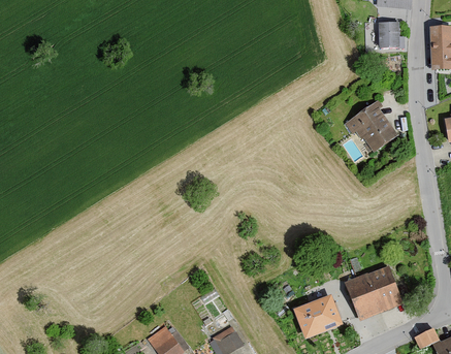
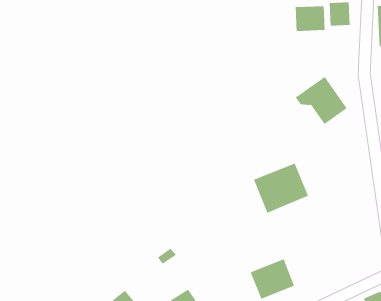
building: none -> [295,5,325,32]
building: [345,266,404,320] -> [253,163,309,214]

